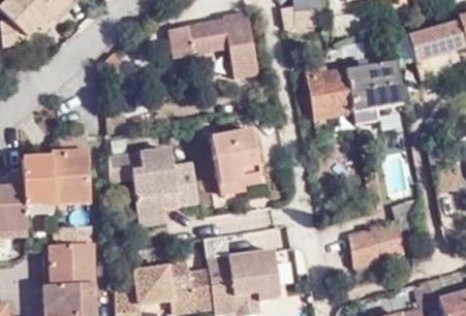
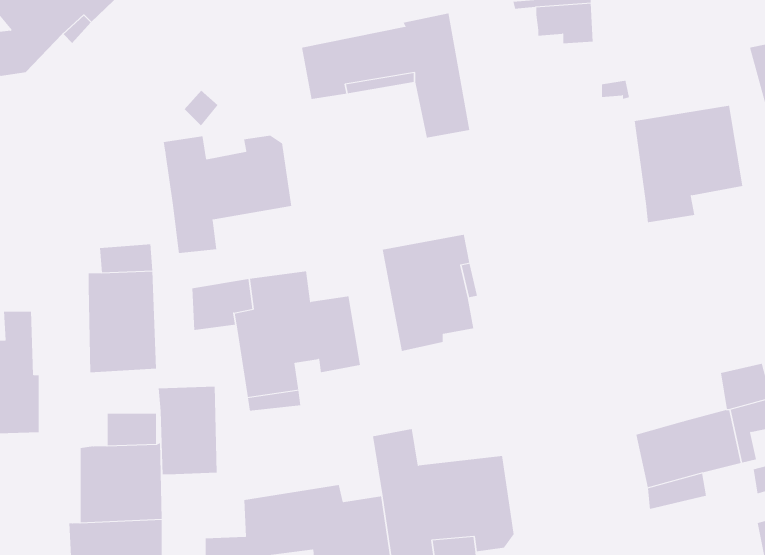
building: [307,66,352,118] -> none
building: none -> [163,135,292,254]
building: [22,157,54,204] -> [158,386,217,475]

